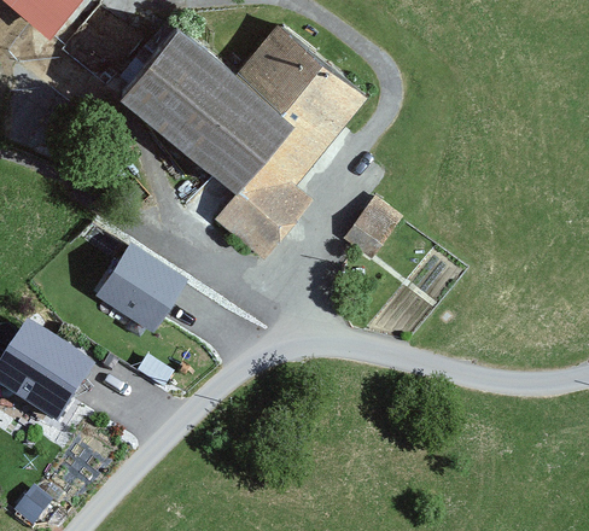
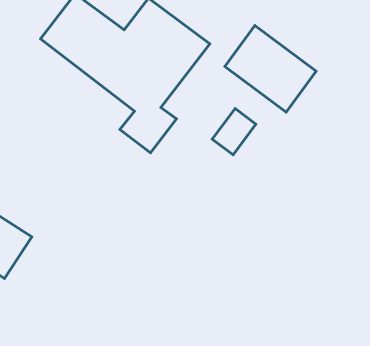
building: none -> [225,25,316,112]
building: [101,235,193,325] -> none

